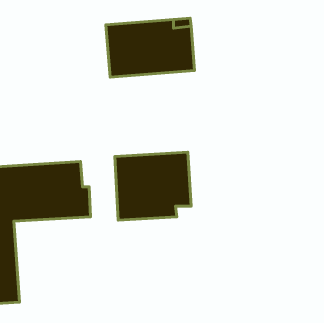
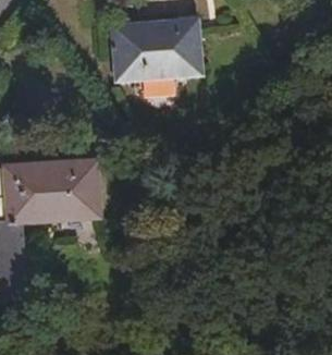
building: [115,152,191,220] -> none

